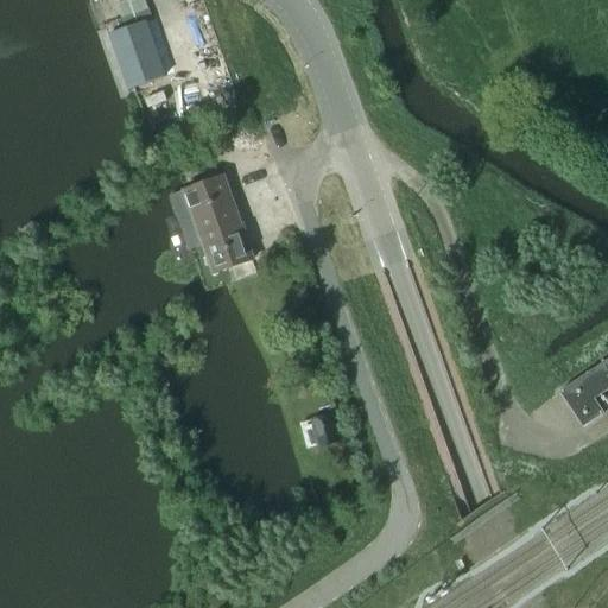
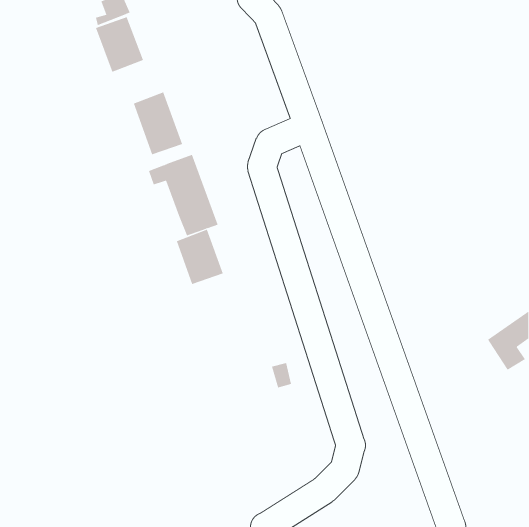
building: none -> [133,91,183,155]
building: none -> [176,229,224,285]

